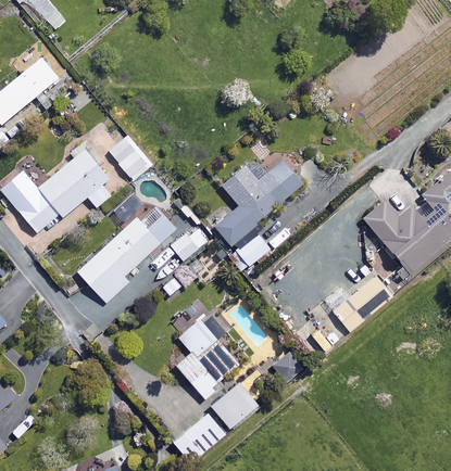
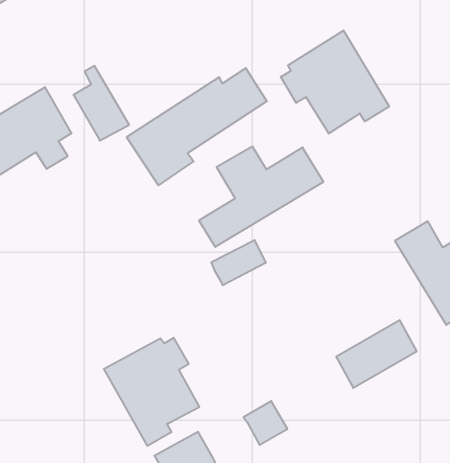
building: none -> [281,30,389,134]
building: [77,206,176,303] -> [127,68,267,185]
building: [170,226,209,263] -> none

